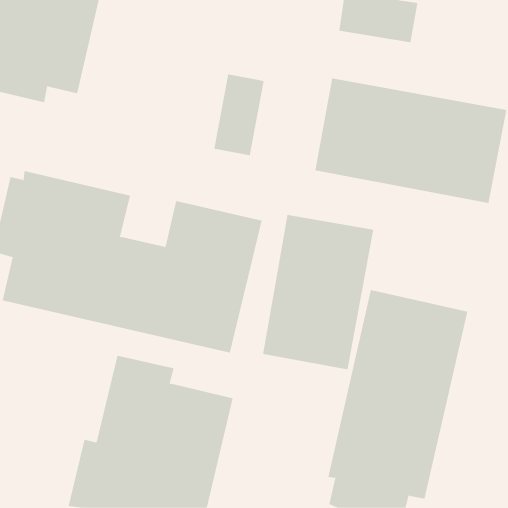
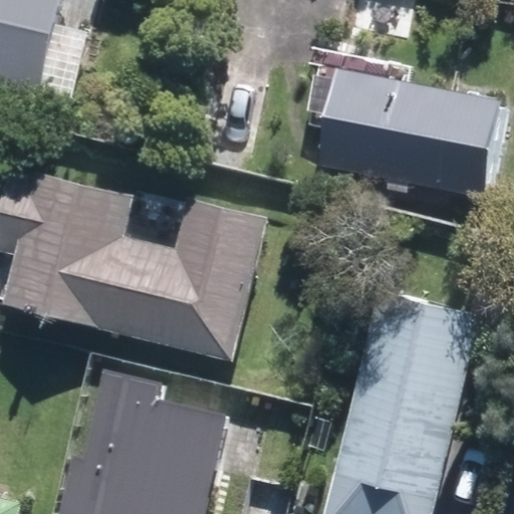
building: [262,214,374,370] -> none

